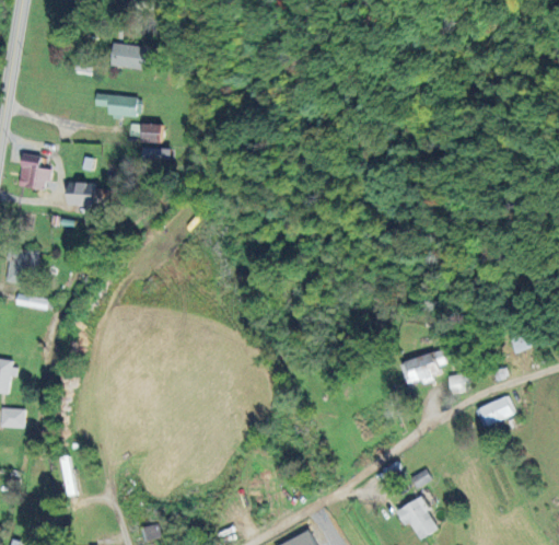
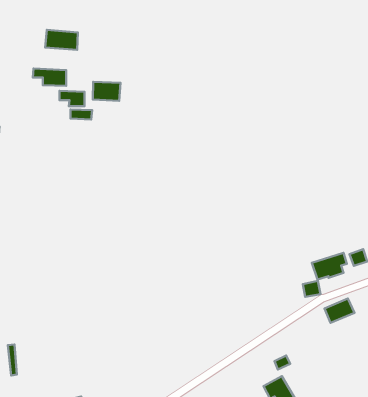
building: none -> [93,82,121,101]
building: [67,183,95,206] -> none
building: [400,349,446,384] -> [312,253,347,280]

